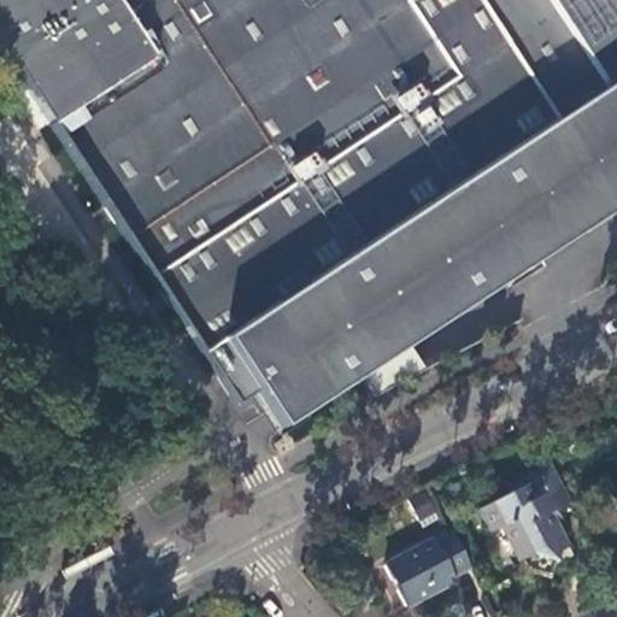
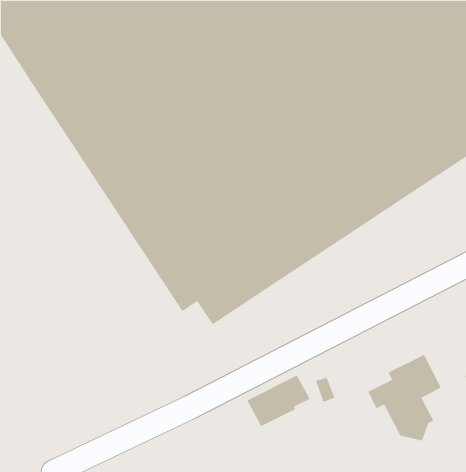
building: [396,535,481,604] -> [246,374,311,427]

